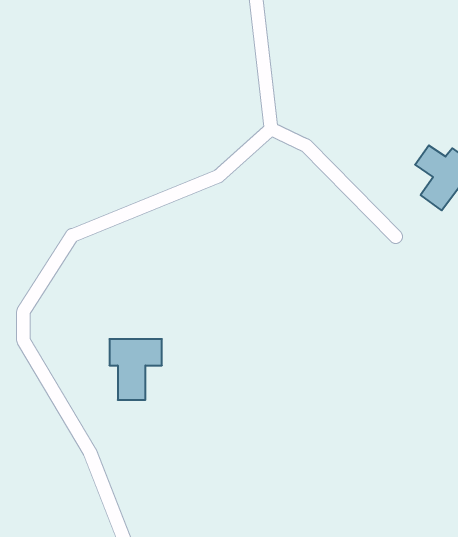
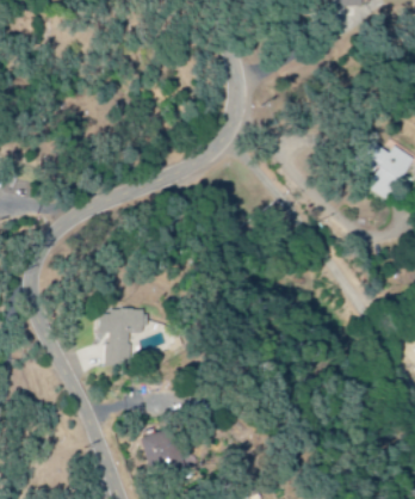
building: none -> [140,427,184,473]

